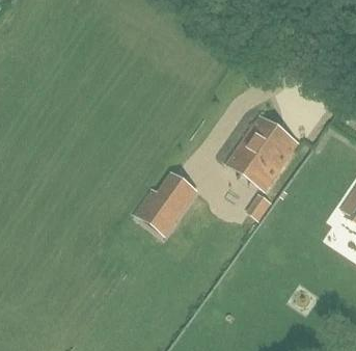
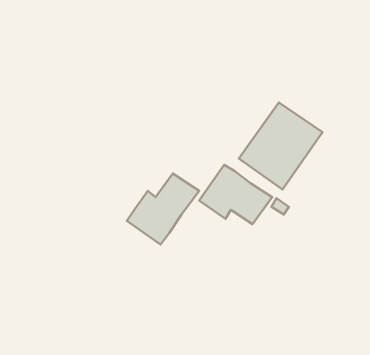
building: none -> [199,165,272,224]

